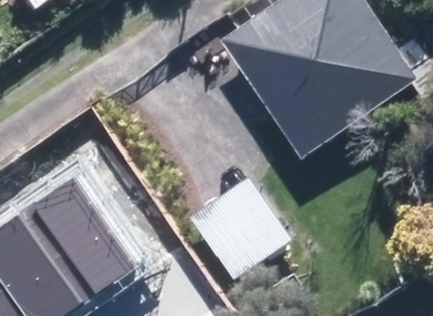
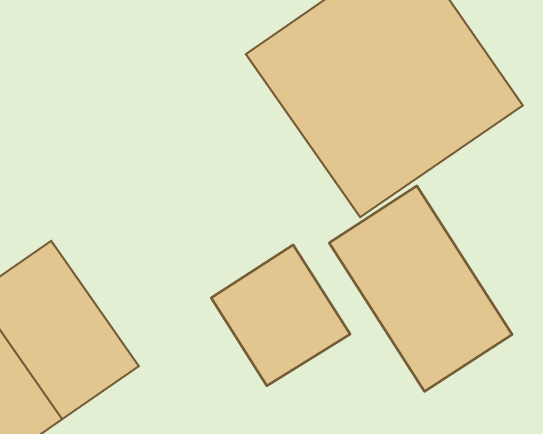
building: none -> [329,186,512,391]

